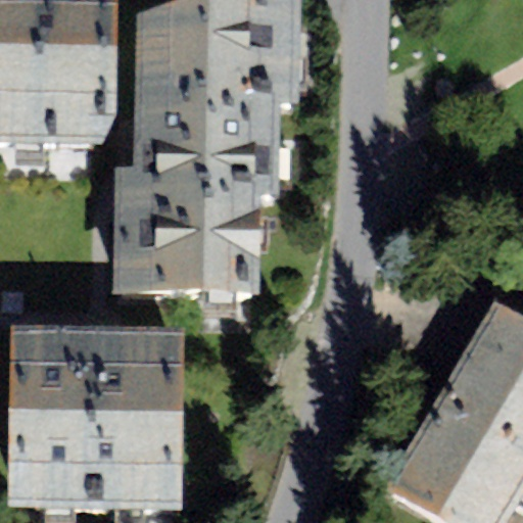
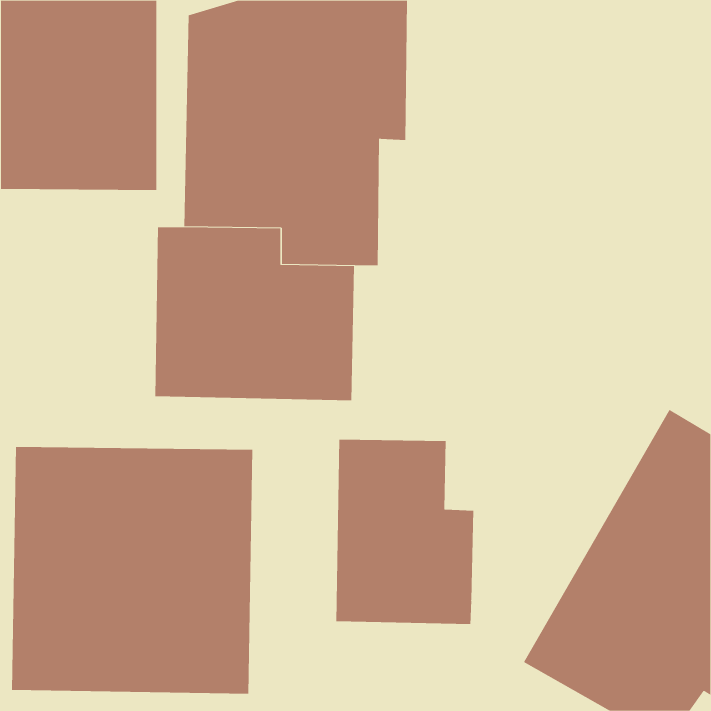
building: none -> [336,439,474,625]

